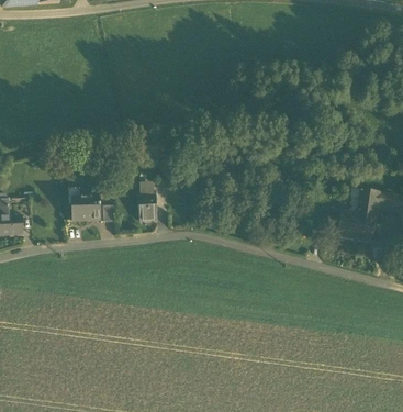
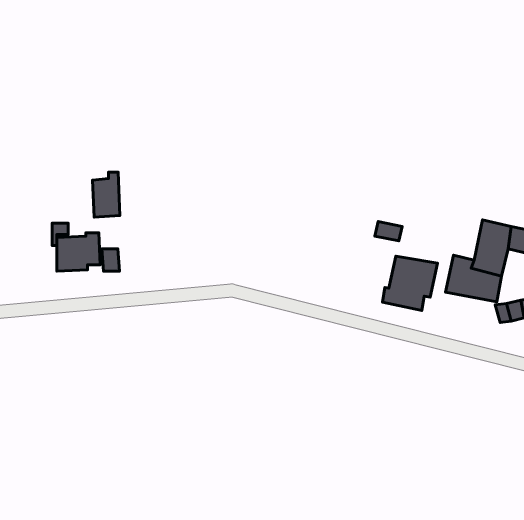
building: [138,189,157,220] -> [92,172,120,217]
building: none -> [383,256,437,310]

